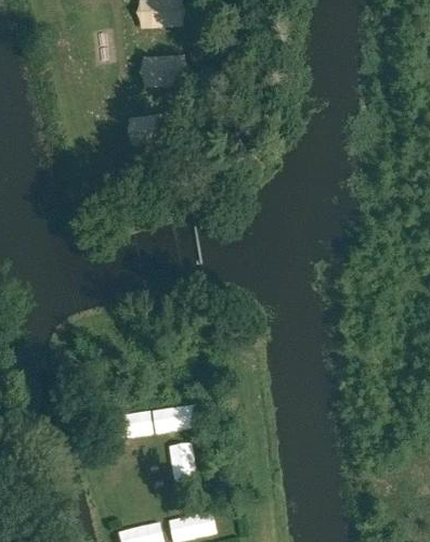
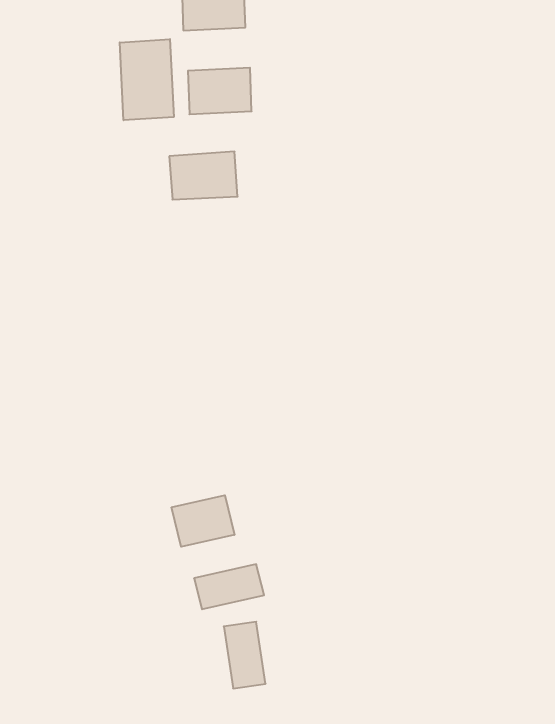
building: none -> [120,39,174,120]
building: none -> [172,495,234,547]

